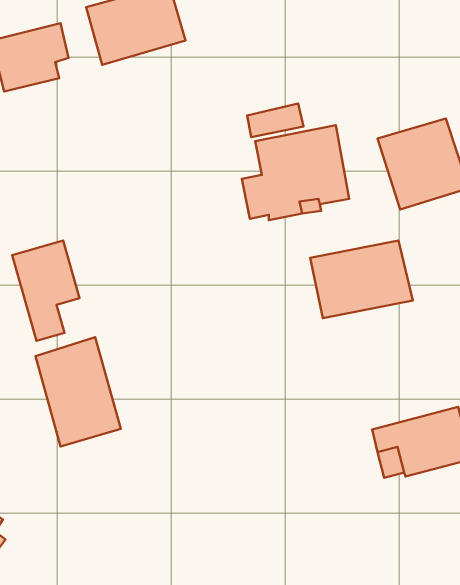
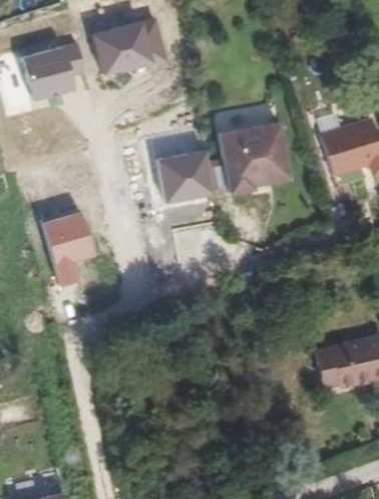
building: none -> [158,149,218,203]
building: [310,241,413,318] -> none
building: [35,337,121,447] -> none

